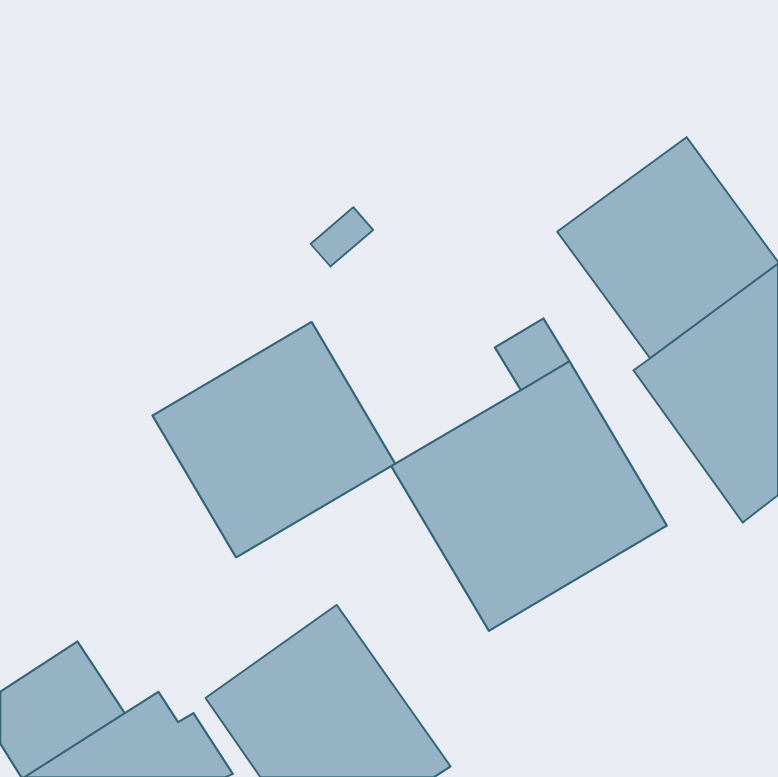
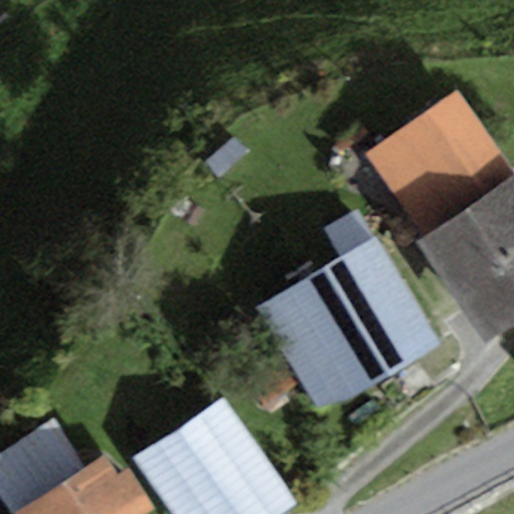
building: [152,322,395,557] -> none

